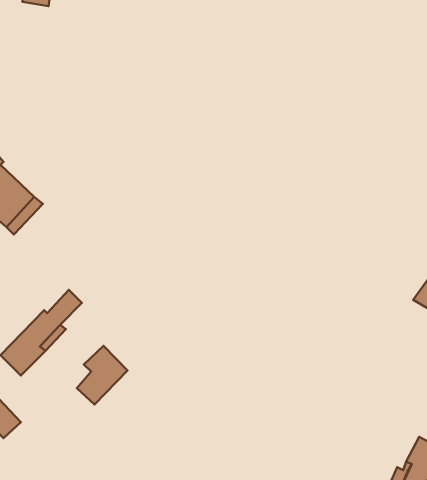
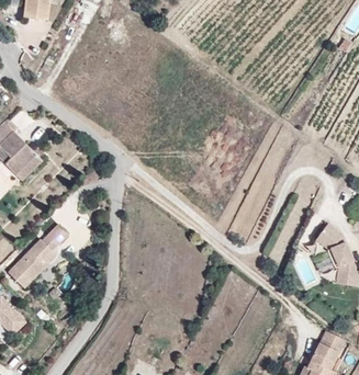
building: [77,346,127,404] -> none

